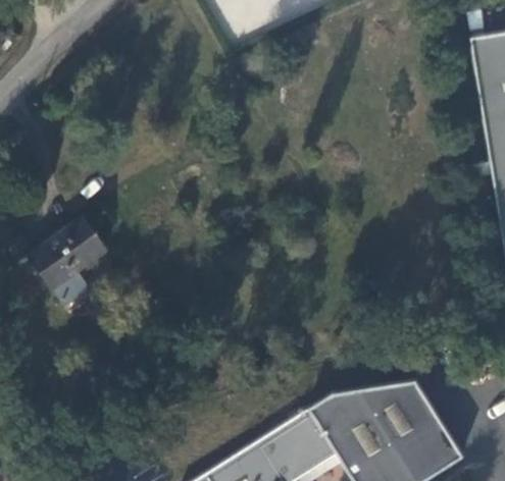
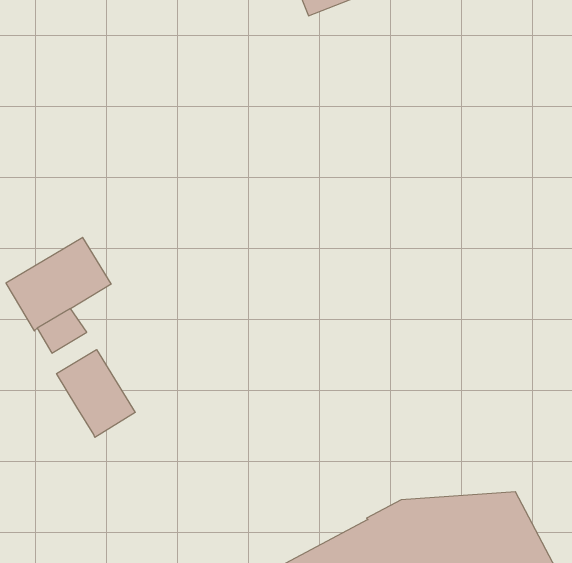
building: none -> [57,350,135,437]

